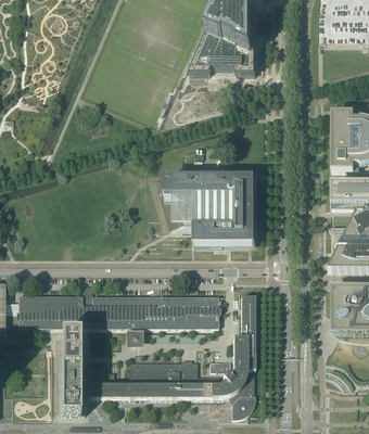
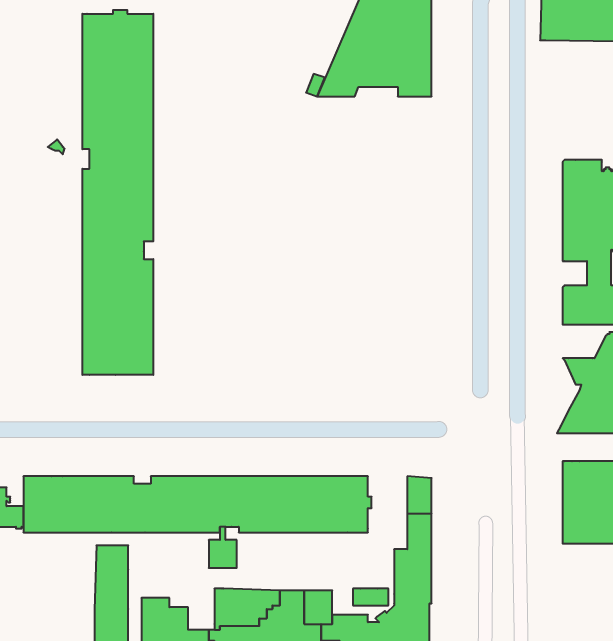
building: none -> [82,10,153,375]
building: [157,180,256,247] -> none

